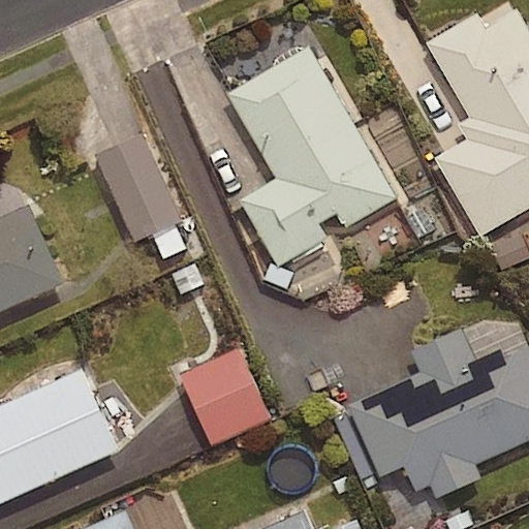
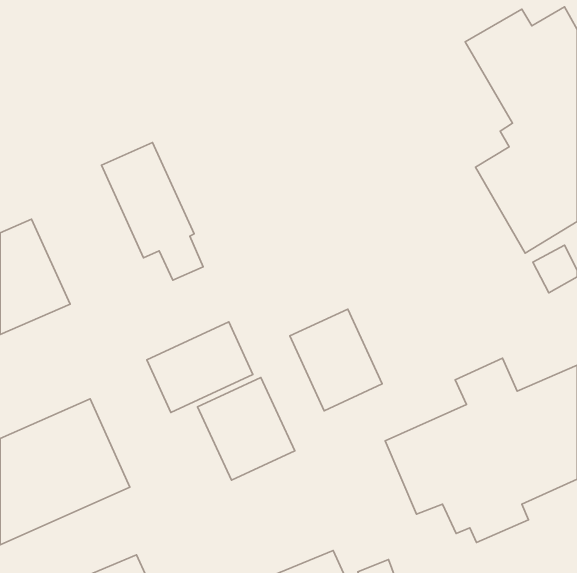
building: [227,46,397,268] -> none
building: none -> [290,309,382,411]
building: none -> [147,322,253,412]

